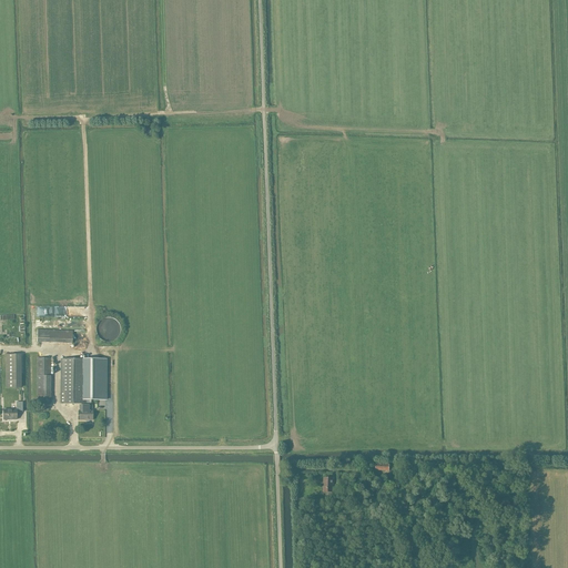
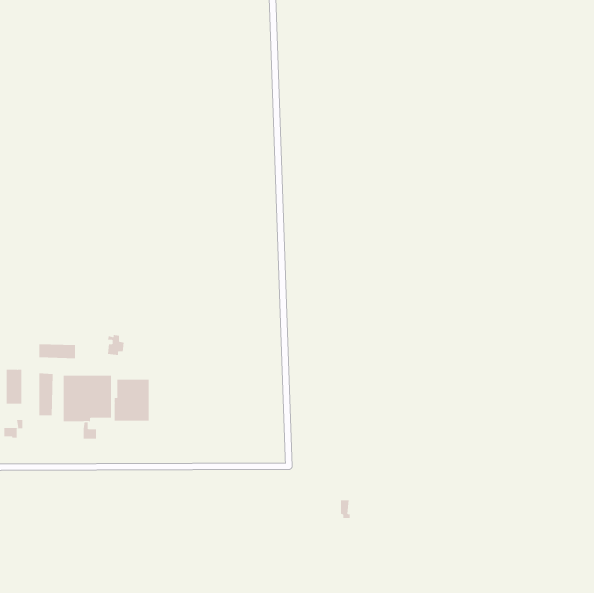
building: none -> [114,379,149,421]

